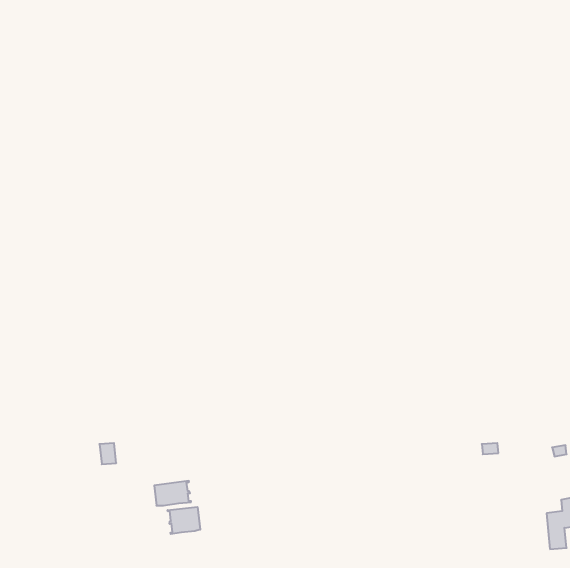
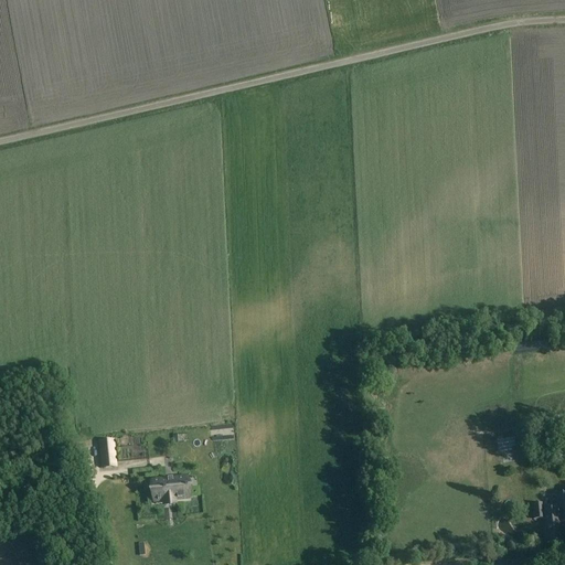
building: [168,507,200,534] -> none

